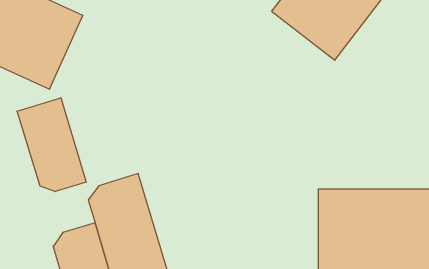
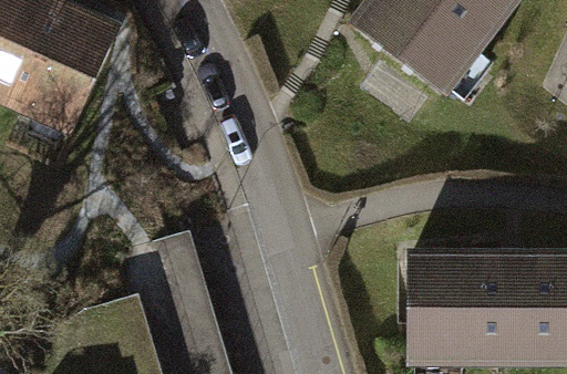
building: [17,98,86,192] -> none

